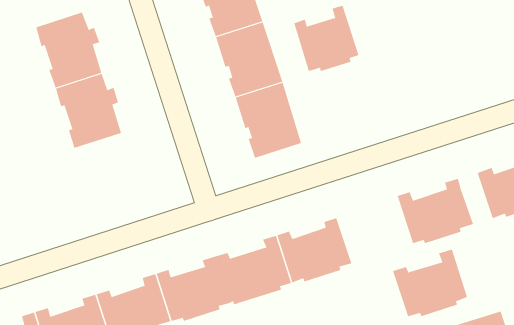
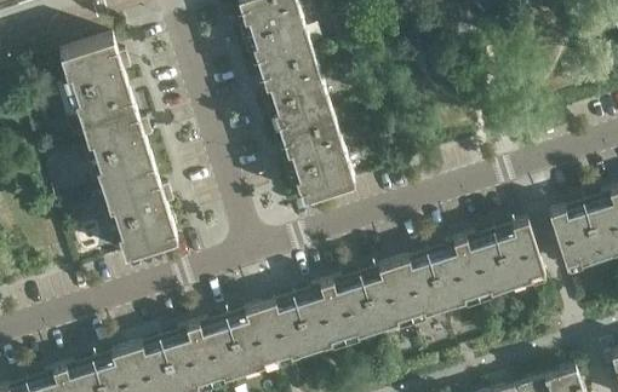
building: [293,5,359,72] -> none
building: none -> [102,171,177,255]
building: [392,249,468,317] -> [393,240,476,315]

